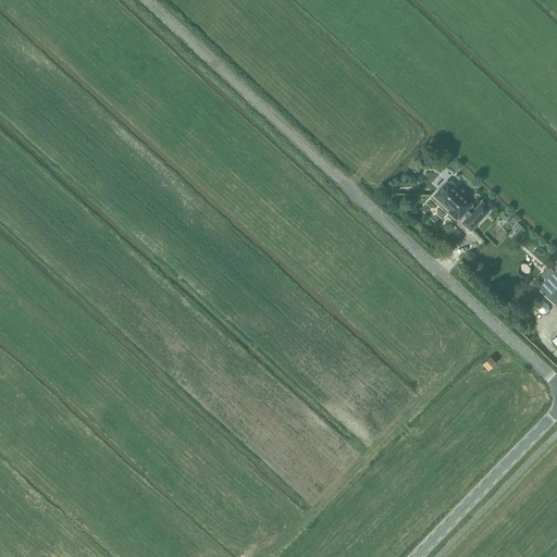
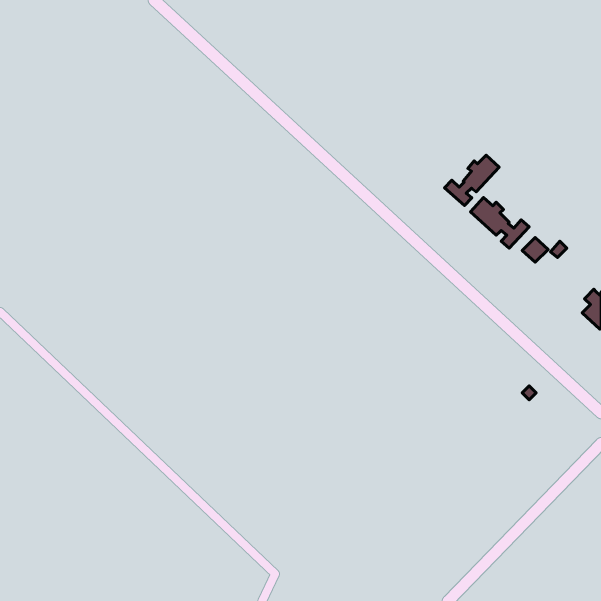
building: none -> [445,155,499,205]

